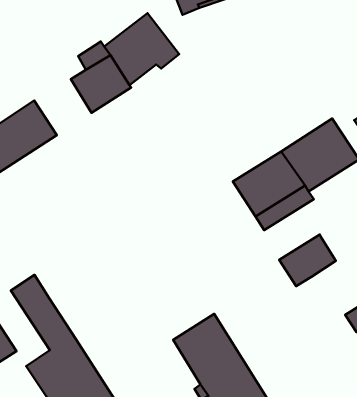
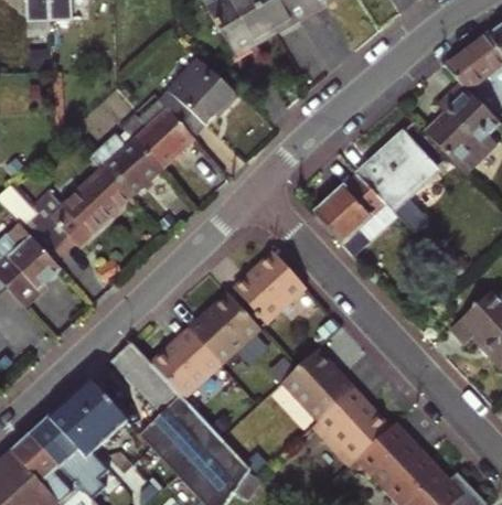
building: none -> [92,133,161,197]
building: none -> [234,253,309,325]
building: [279,235,336,286] -> none
building: none -> [151,292,263,398]

